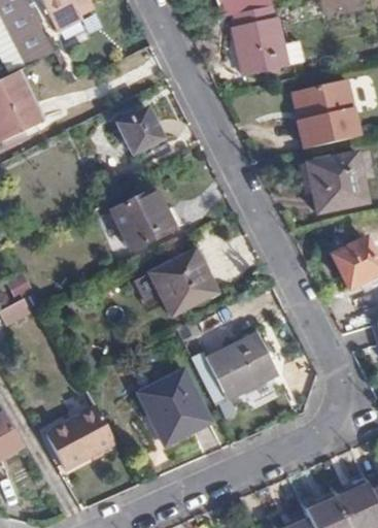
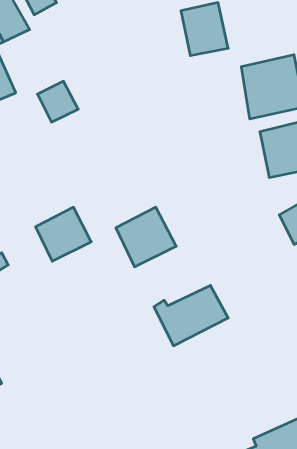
building: [117,107,163,153] -> [37,81,78,122]
building: [114,189,176,249] -> [36,207,91,261]
building: [138,367,209,443] -> none
building: [48,407,116,470] -> none

